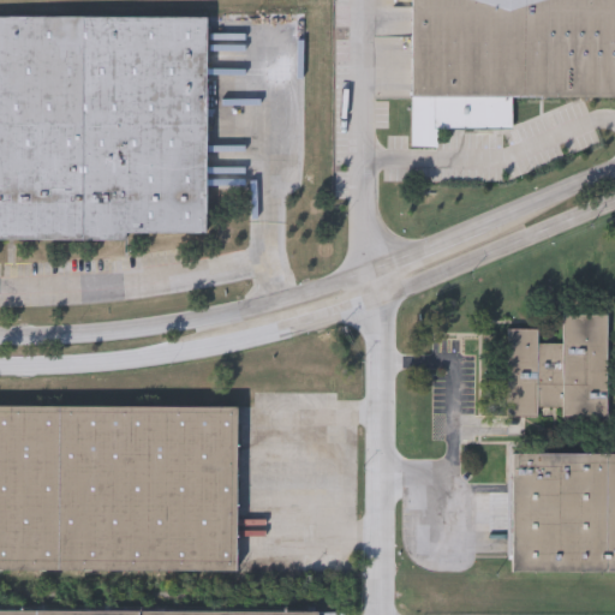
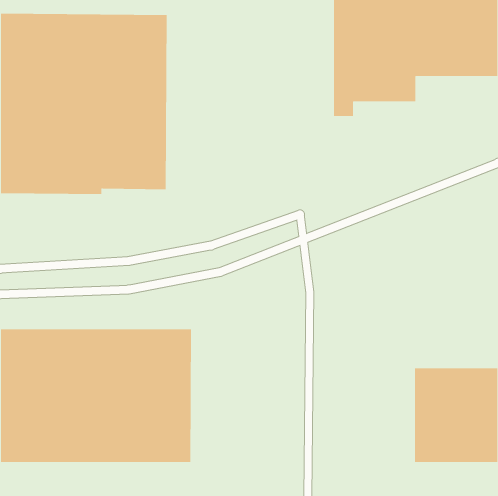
building: [506,312,608,417] -> none

